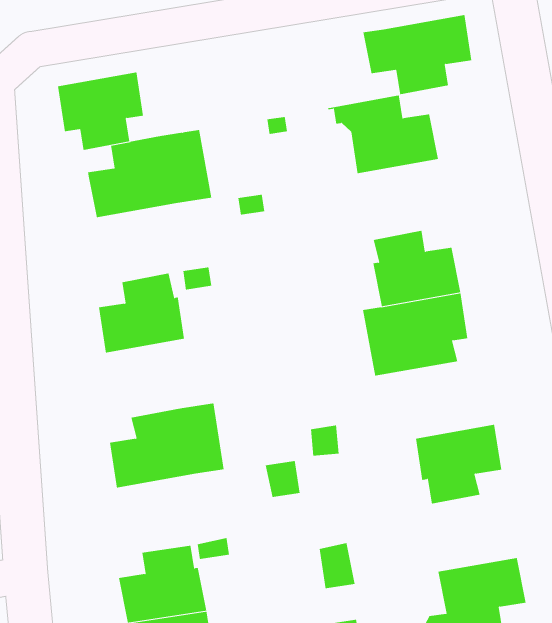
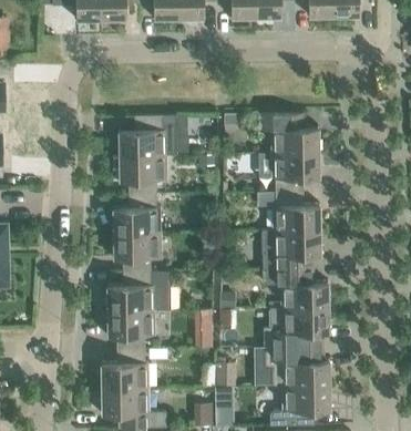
building: [362,15,472,95] -> [259,153,319,193]
building: [57,72,144,151] -> [120,155,166,195]
building: none -> [113,233,161,273]
building: none -> [264,269,328,309]
building: none -> [107,310,154,350]
building: none -> [265,347,329,387]

